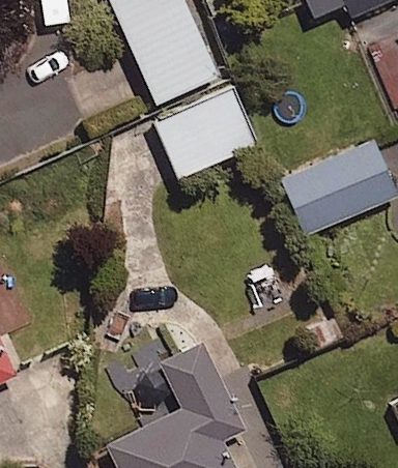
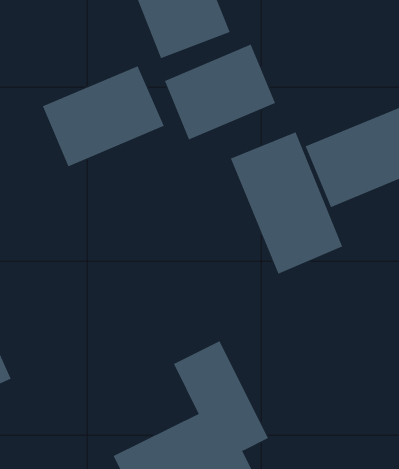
building: none -> [42,65,164,167]
building: none -> [230,132,343,274]

